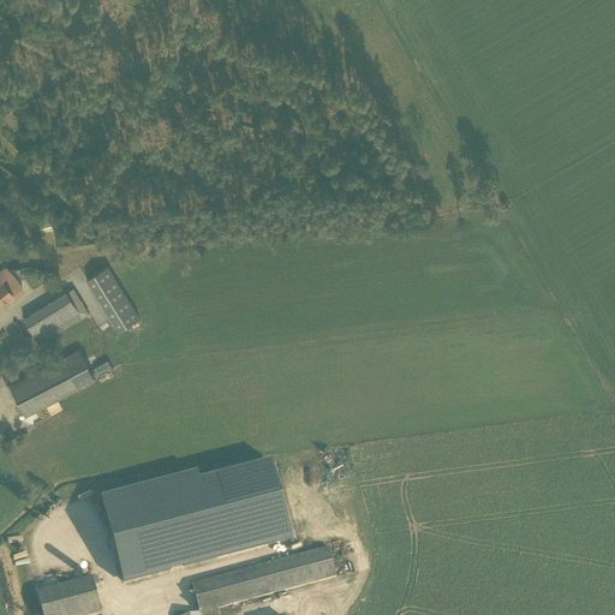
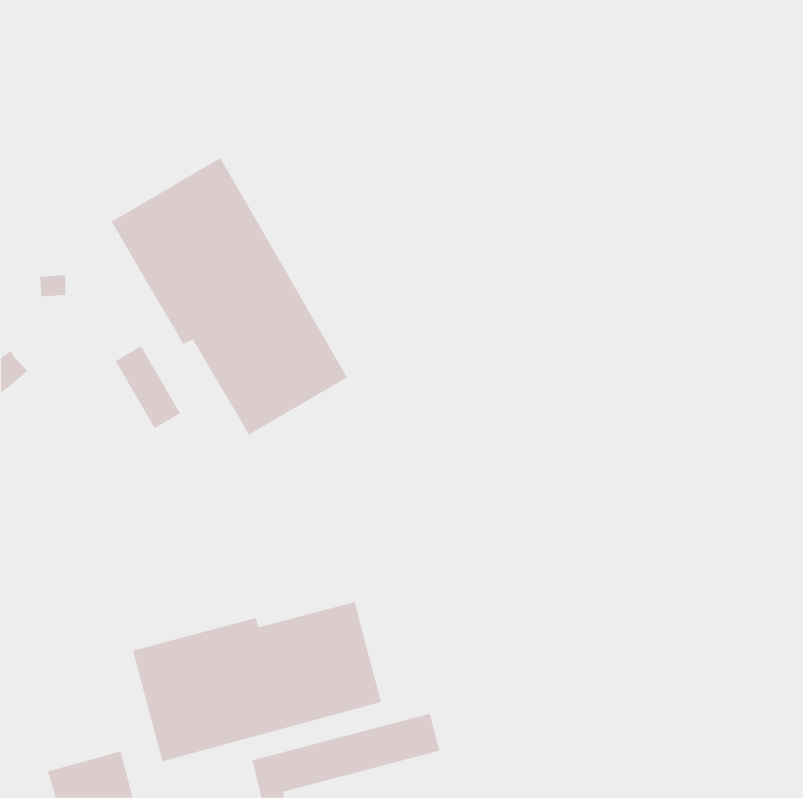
building: none -> [111,157,348,435]
building: [23,288,78,334] -> none
building: [8,345,96,412] -> none

